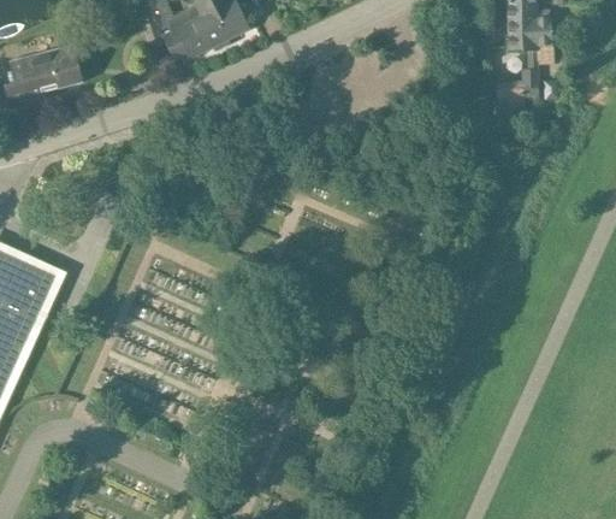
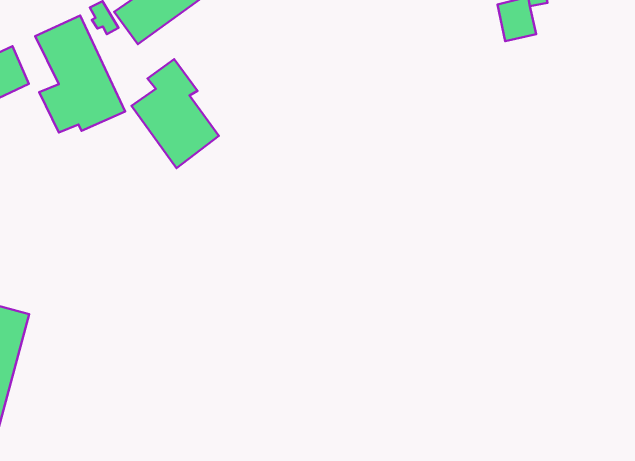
building: none -> [35,15,125,133]
building: none -> [131,59,219,168]

